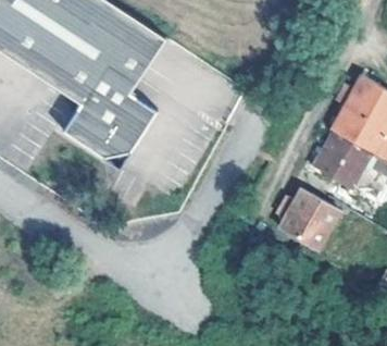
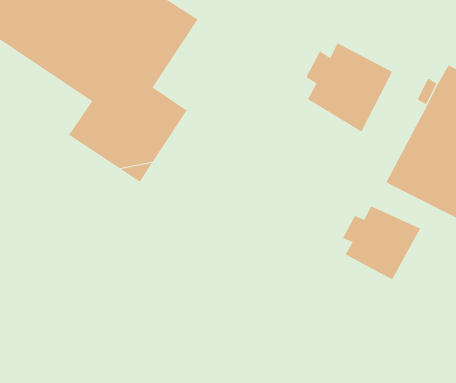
building: none -> [306,43,393,133]

